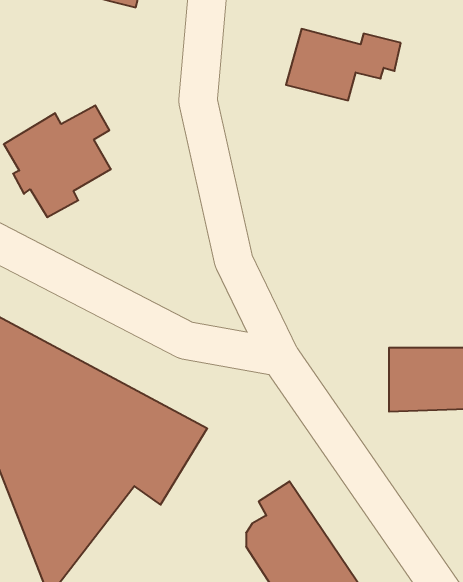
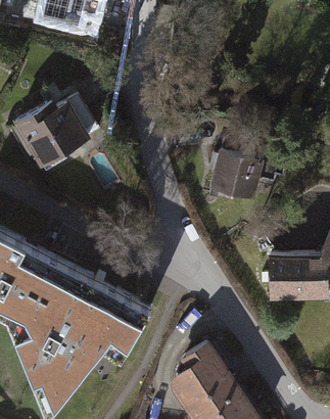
building: [286,29,401,100] -> [209,149,285,196]

